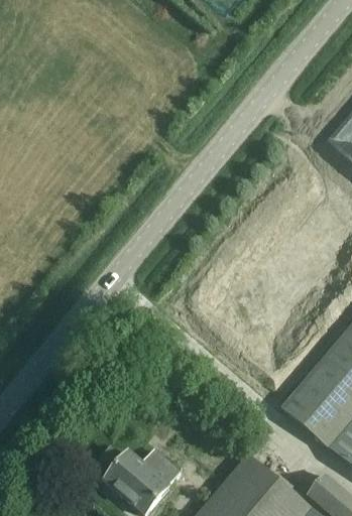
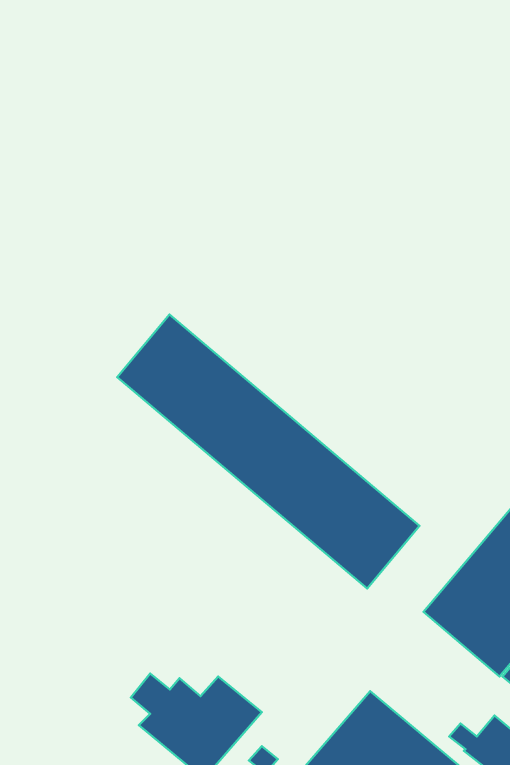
building: none -> [117,315,419,588]

